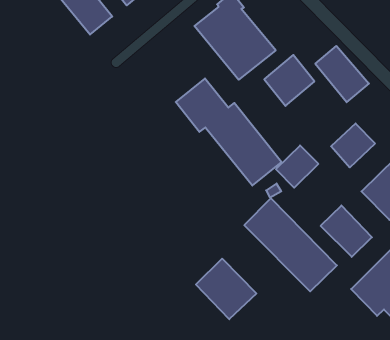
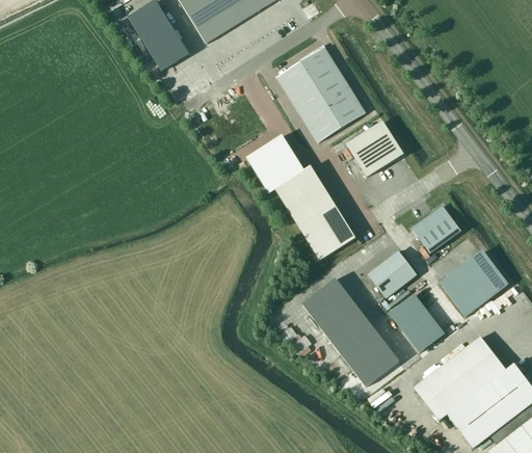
building: [315,46,369,102] -> none
building: [276,145,318,188] -> [368,251,416,297]
building: [196,259,256,319] -> none

